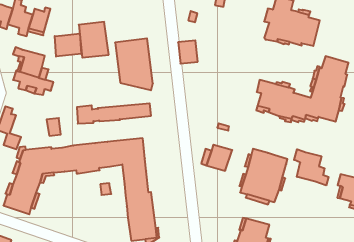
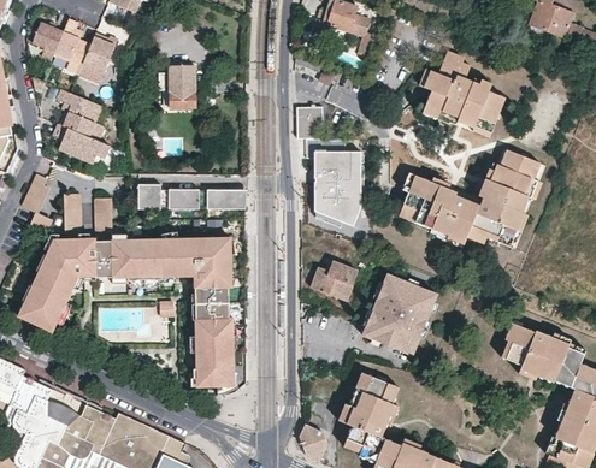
building: [55,33,81,57] -> none
building: [115,38,153,90] -> [313,150,361,226]
building: none -> [64,194,82,224]
building: [294,149,329,185] -> none

